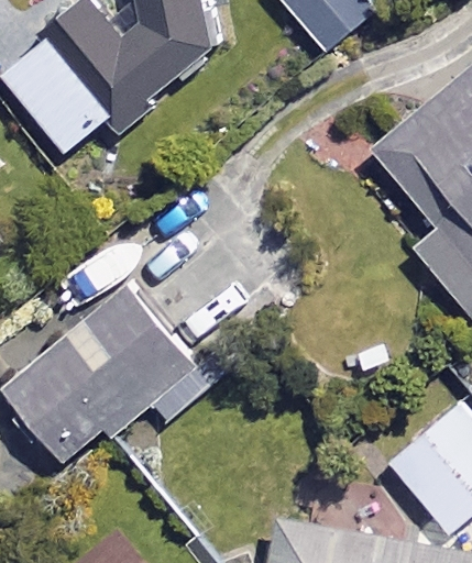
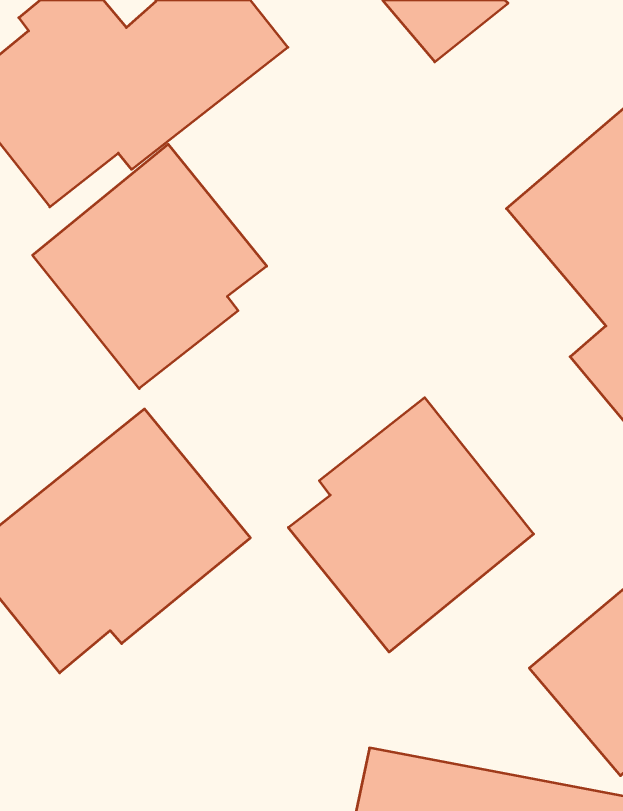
building: none -> [33,144,267,389]
building: none -> [288,398,534,652]

